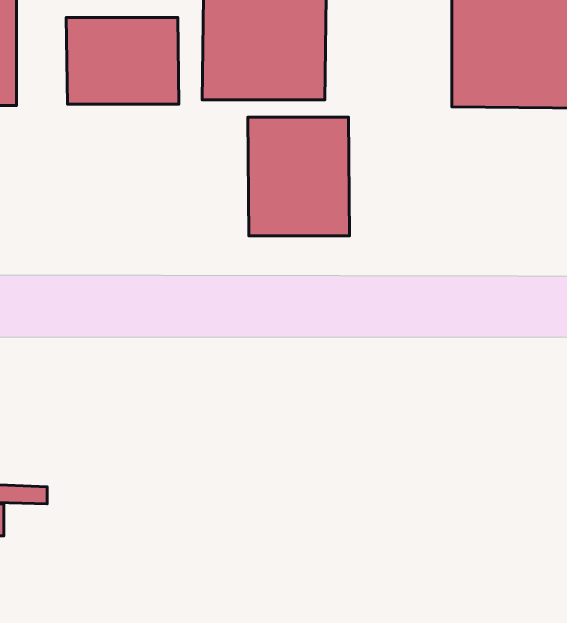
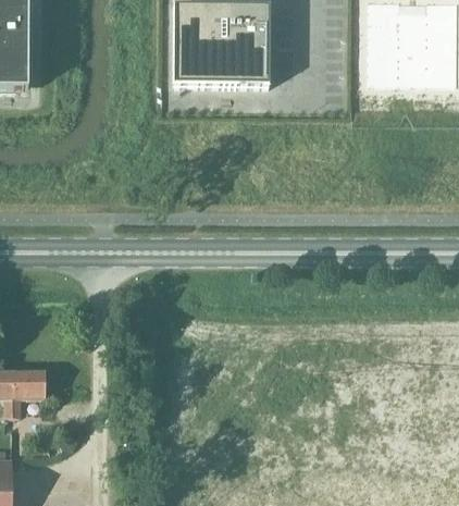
building: [66,17,179,104] -> none
building: [248,117,350,236] -> none

